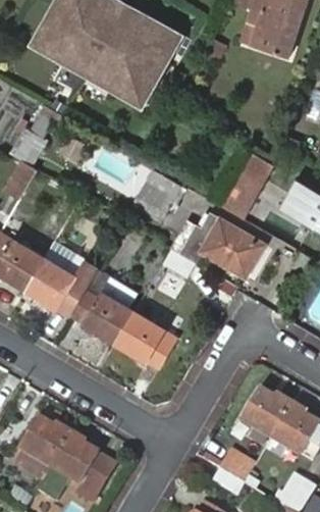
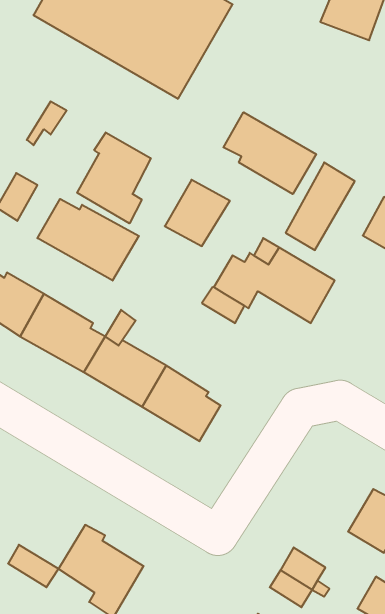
building: none -> [223,112,316,194]
building: none -> [77,132,151,223]
building: none -> [37,199,139,281]
building: [239,390,291,438] -> none
building: [17,415,70,466] -> none

